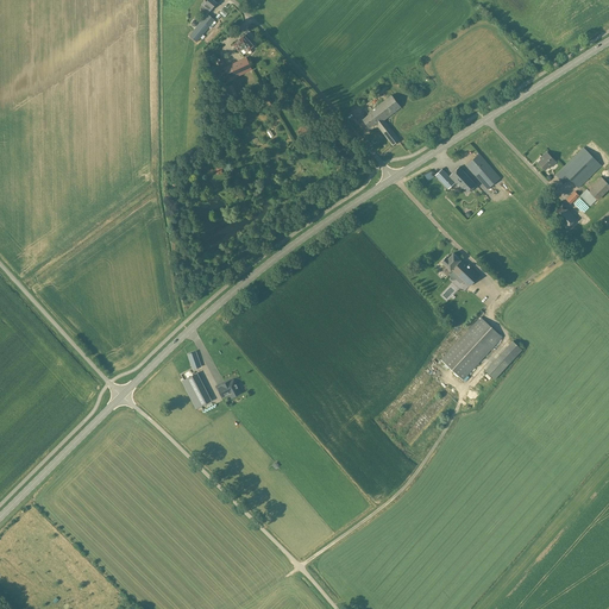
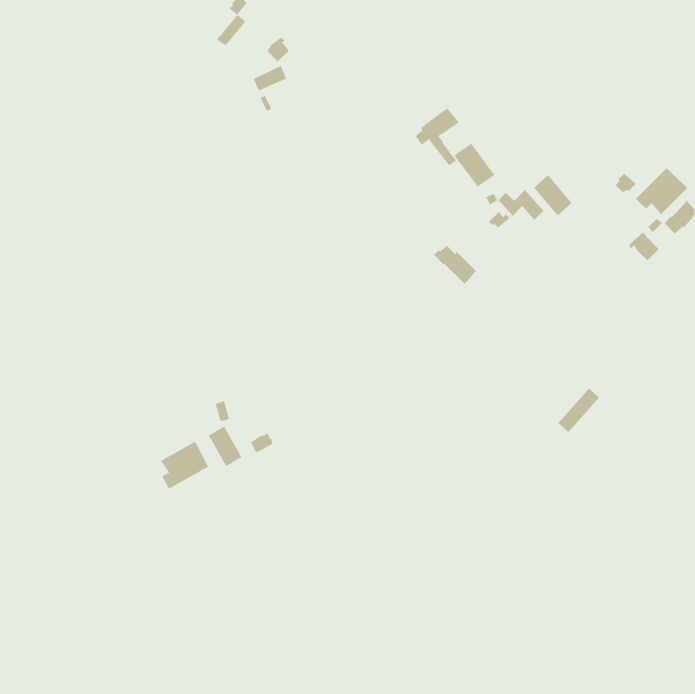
building: none -> [454,143,495,187]
building: [441,252,479,287] -> [433,245,477,285]
building: [440,315,503,379] -> none
building: none -> [160,441,209,490]

